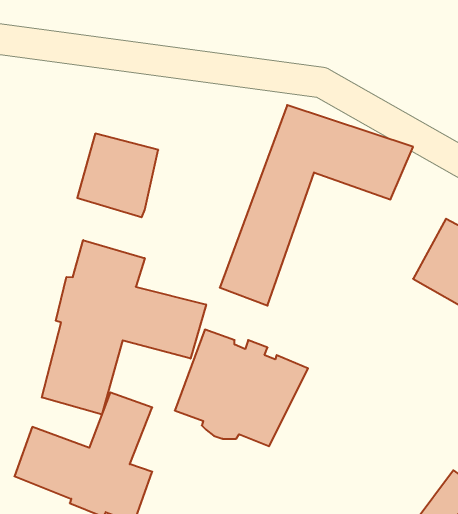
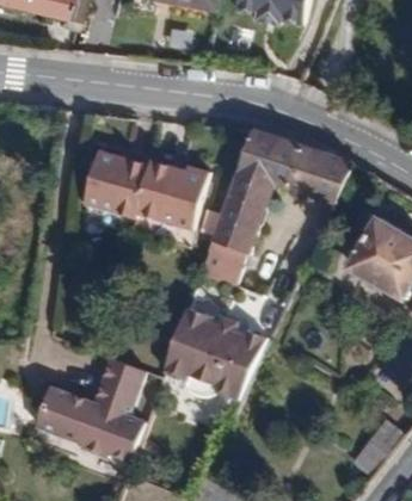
building: none -> [139,160,210,228]
building: [42,240,206,415] -> none

